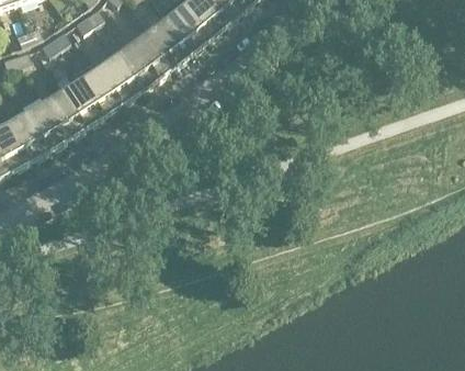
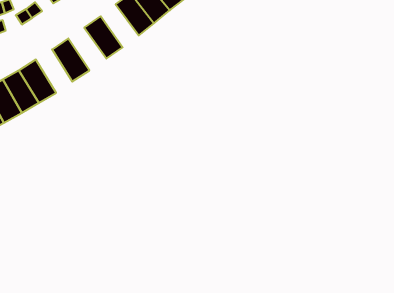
building: [129,32,171,79] -> none
building: [94,57,136,104] -> none
building: [59,81,99,128] -> none

